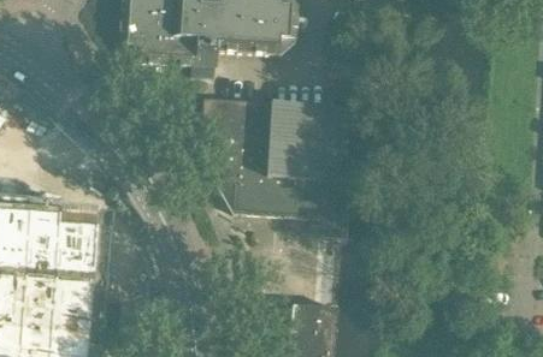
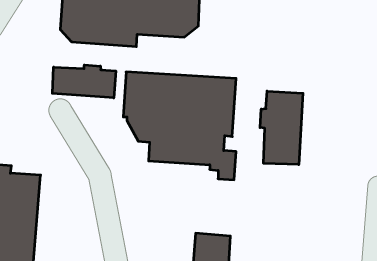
building: none -> [52,65,116,98]
building: none -> [260,91,303,165]

